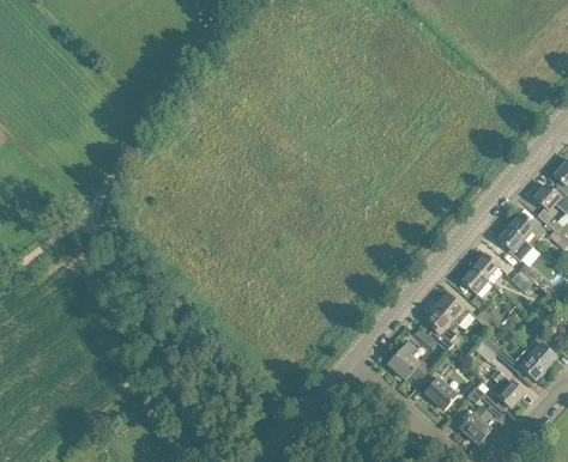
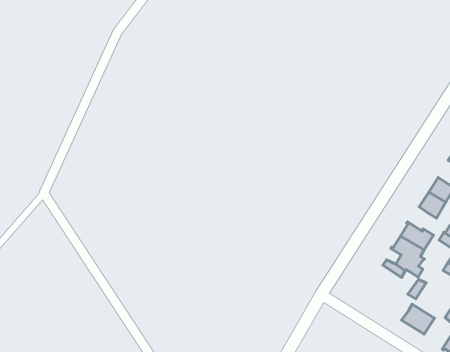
building: [388,341,430,381] -> none

